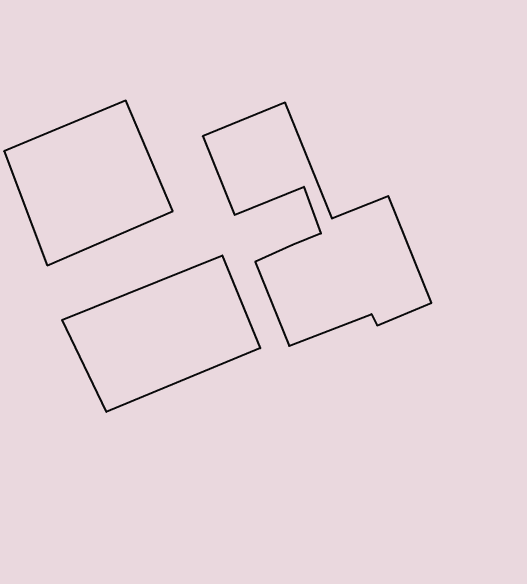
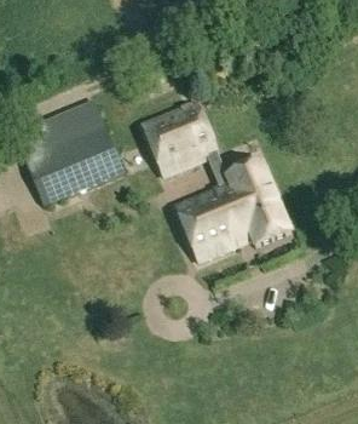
building: [62,255,260,412] -> none

